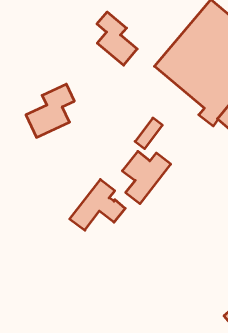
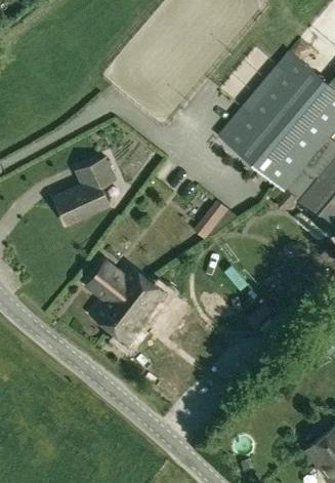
building: [97,12,137,65] -> none
building: [122,151,171,204] -> [87,261,149,328]

